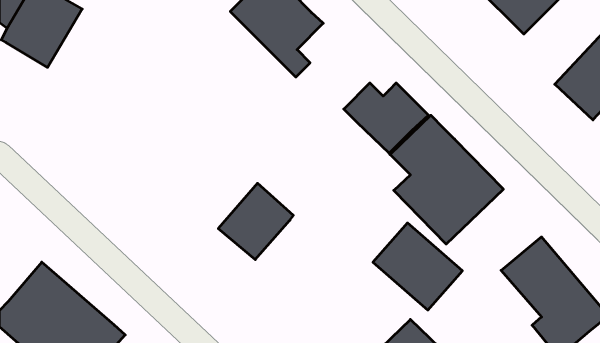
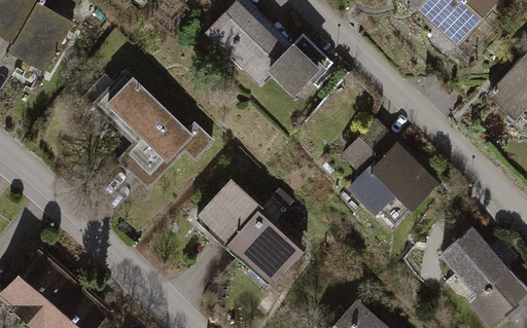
building: none -> [93,72,219,188]
building: [344,83,428,153] -> [260,39,333,100]
building: [373,223,462,310] -> [224,209,302,284]

